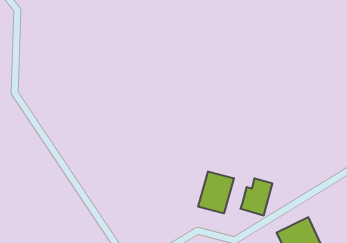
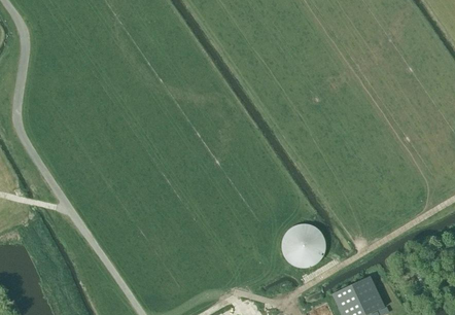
building: [198,171,234,213] -> none

